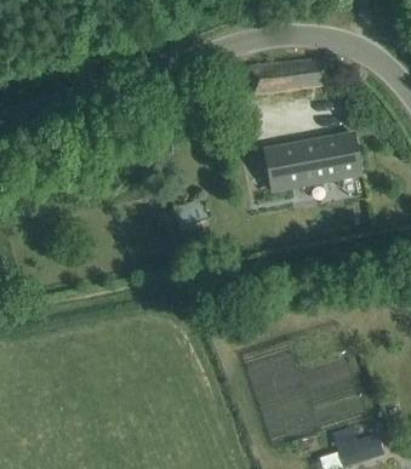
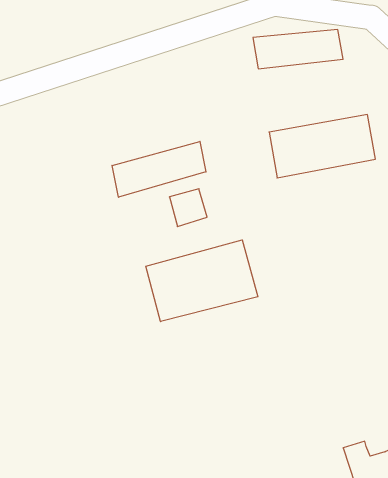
building: none -> [112,141,206,197]
building: none -> [146,240,258,322]

